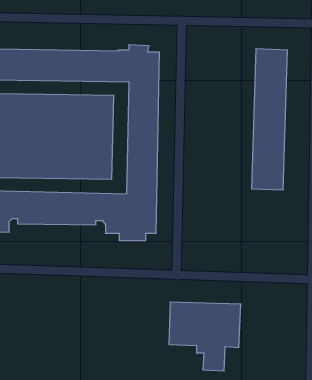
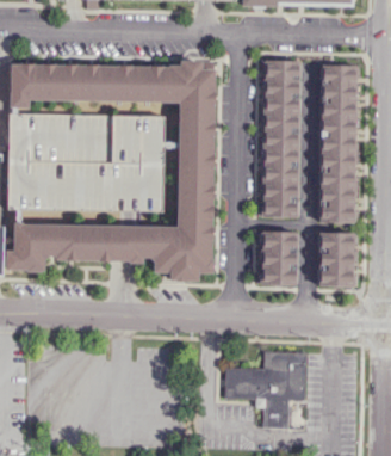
building: none -> [262,61,302,218]
building: none -> [262,232,296,285]
building: none -> [319,234,353,289]

